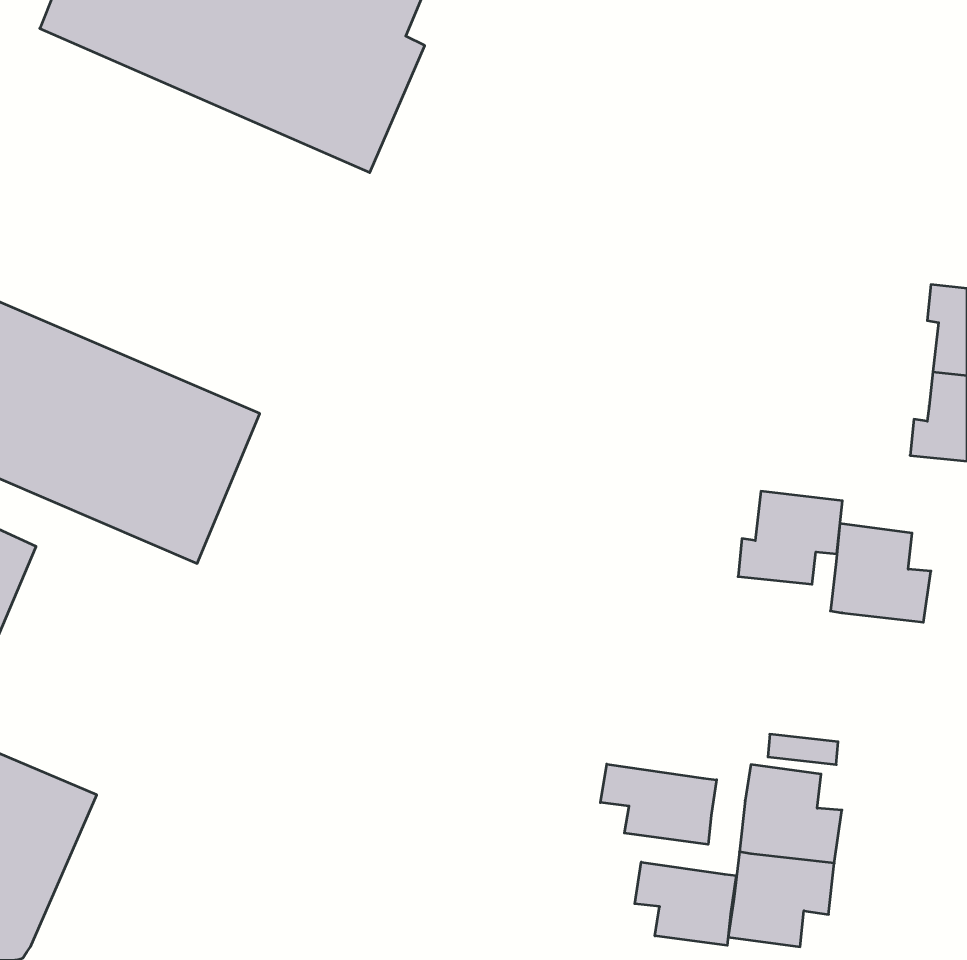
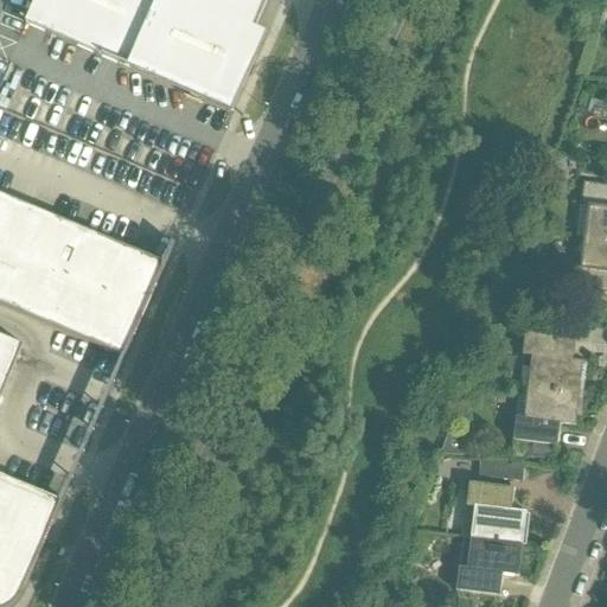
building: [738,491,842,584] -> [512,383,577,441]
building: [600,764,717,844] -> none
building: [635,862,736,945] -> none

